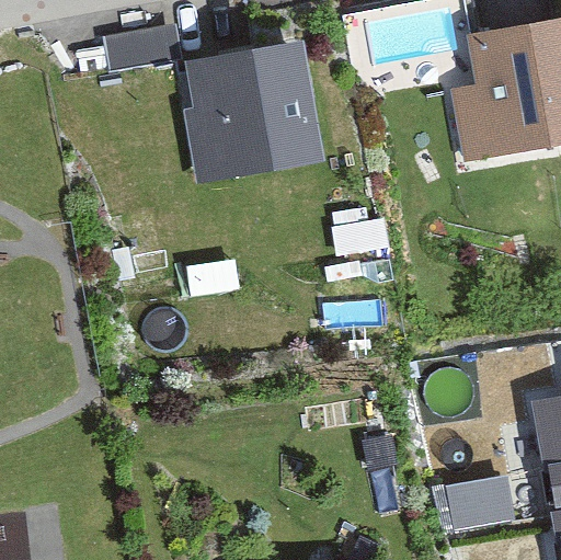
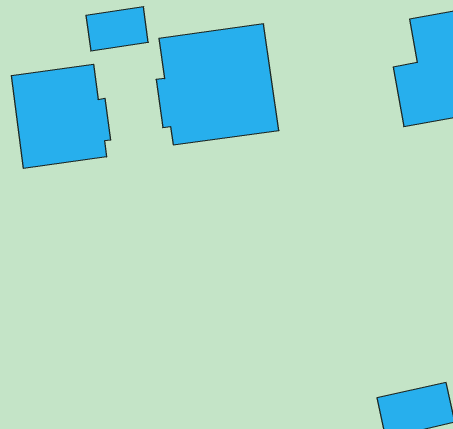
building: none -> [11,64,111,168]

